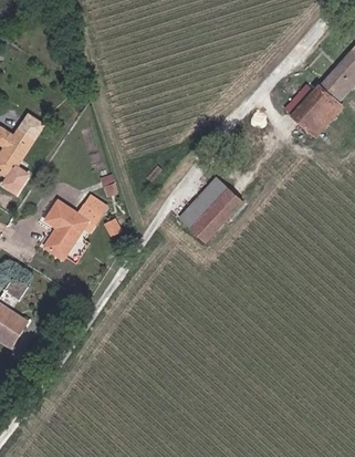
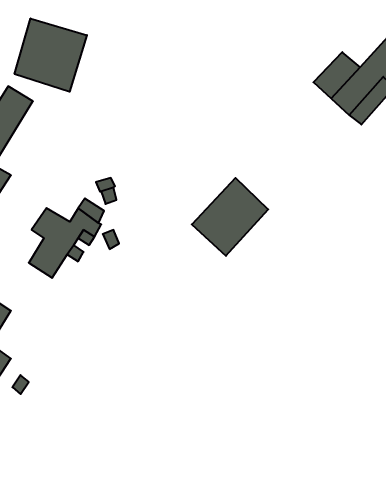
building: none -> [15,18,87,92]

